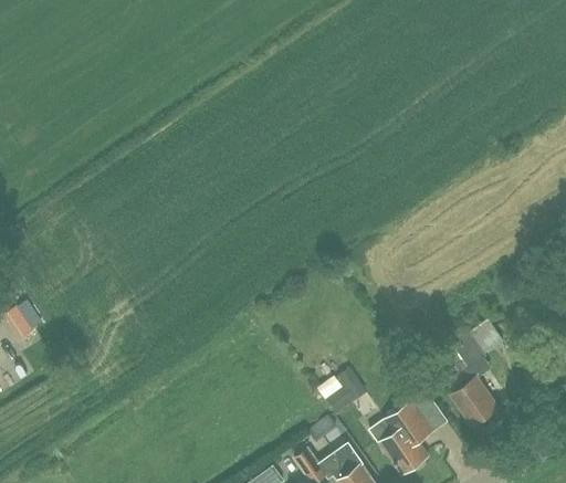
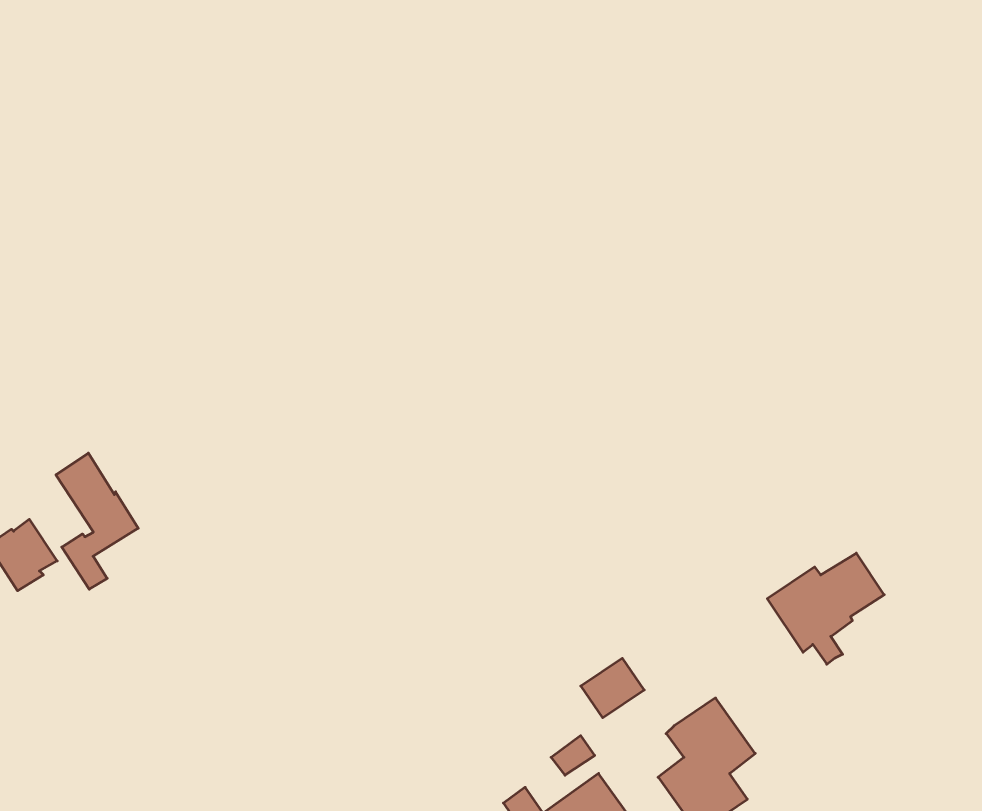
building: none -> [56,453,138,589]
building: [443,369,499,426] -> none

